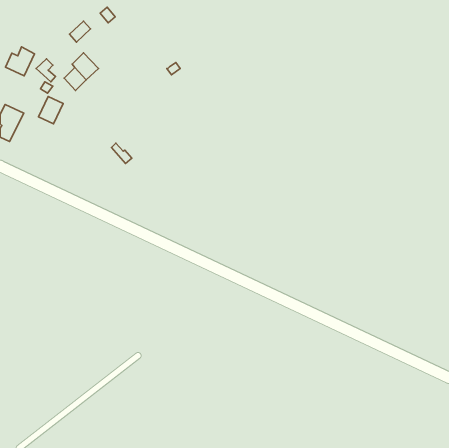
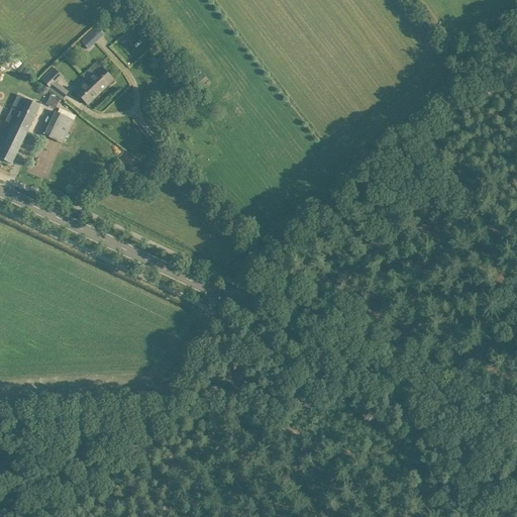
building: [6,47,35,76] -> [6,97,39,130]

